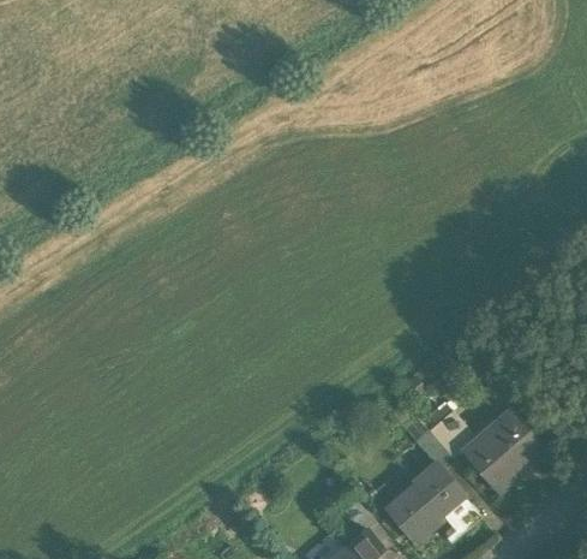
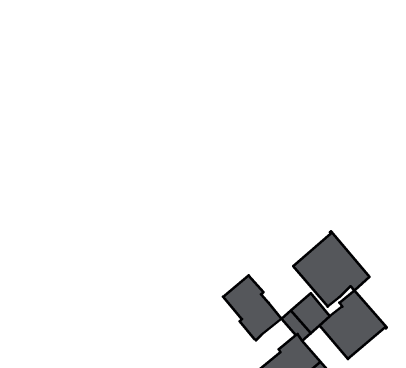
building: none -> [293,231,369,307]
building: none -> [223,275,281,340]

